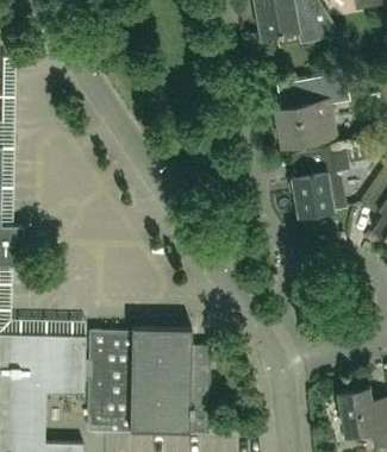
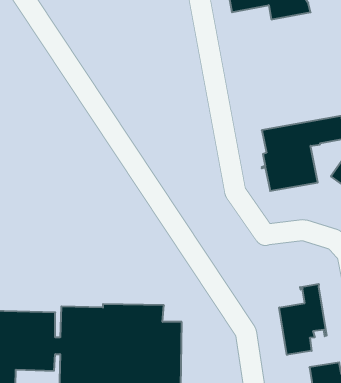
building: [273,73,350,147] -> none
building: none -> [279,284,327,355]

